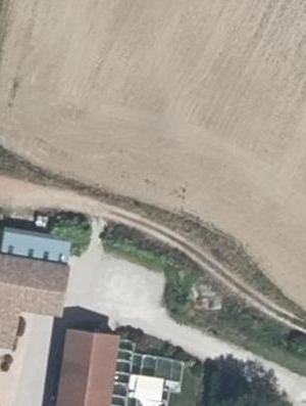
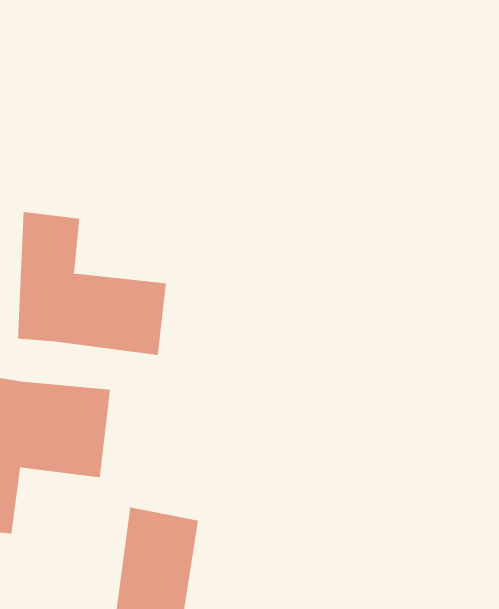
building: none -> [17,211,167,356]

